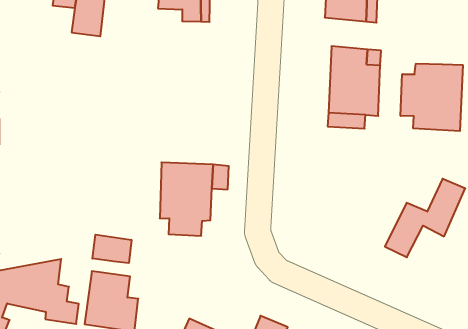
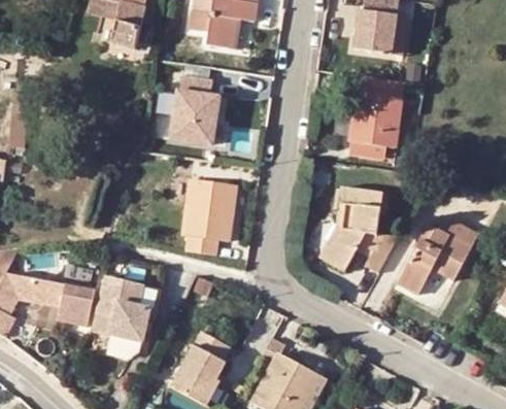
building: none -> [169,79,222,143]
building: [401,64,463,131] -> none
building: none -> [324,186,398,273]
building: [92,235,131,263] -> none

